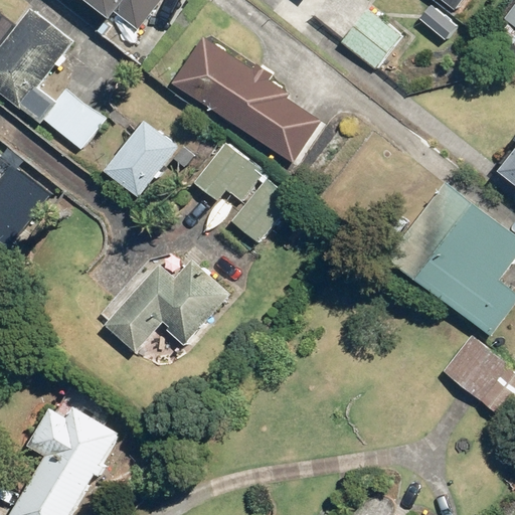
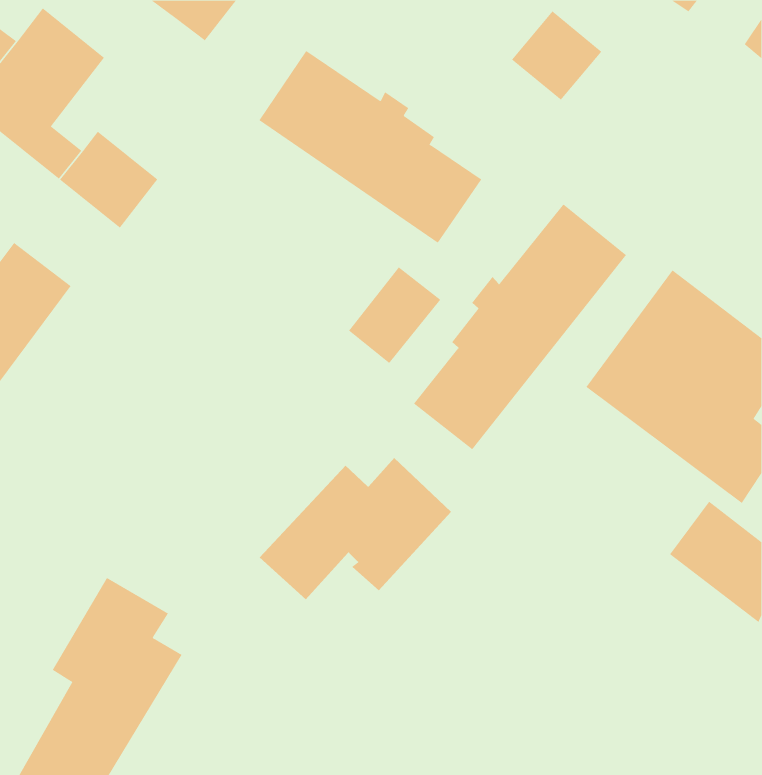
building: [106,120,178,195] -> none
building: none -> [413,203,627,450]
building: [192,141,262,201] -> none
building: [104,256,231,351] -> [259,457,452,600]

